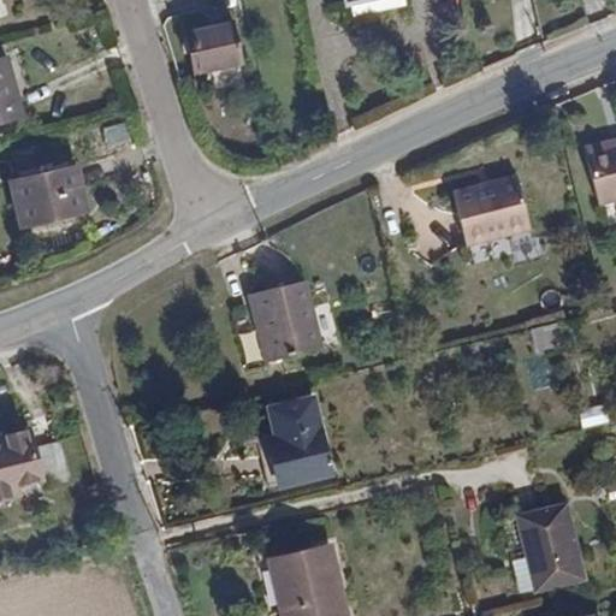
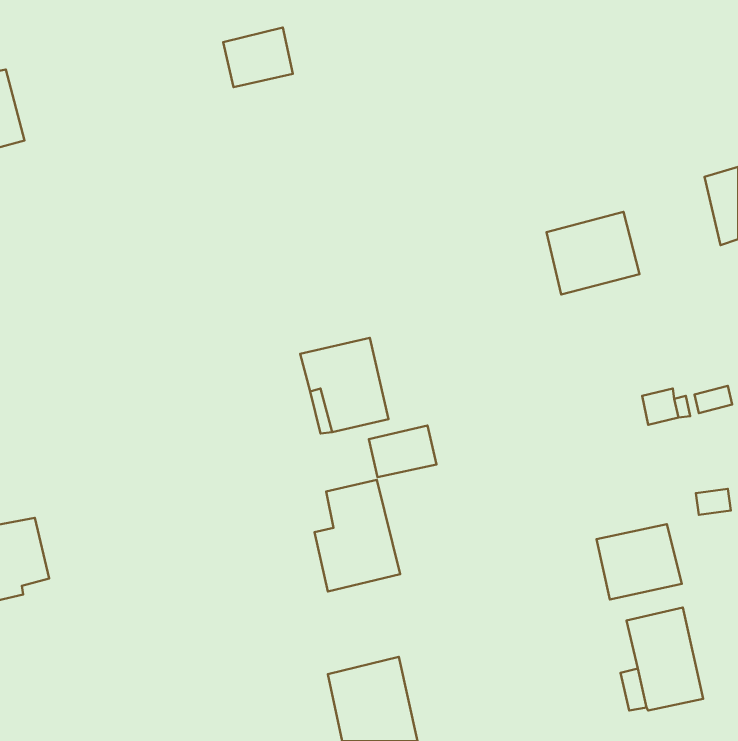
building: [11,166,87,225] -> none
building: none -> [369,426,436,477]
building: none -> [596,524,682,600]

